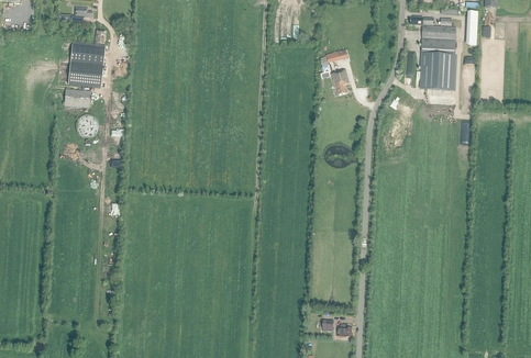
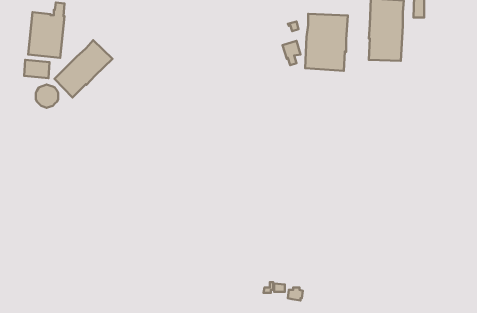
building: none -> [305,14,348,71]
building: none -> [55,40,112,98]

